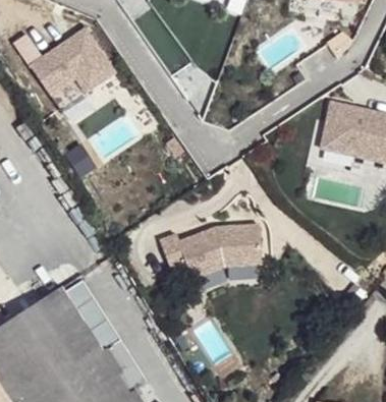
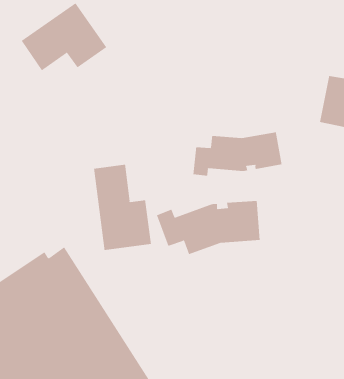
building: none -> [193,131,282,177]
building: none -> [94,164,152,251]

